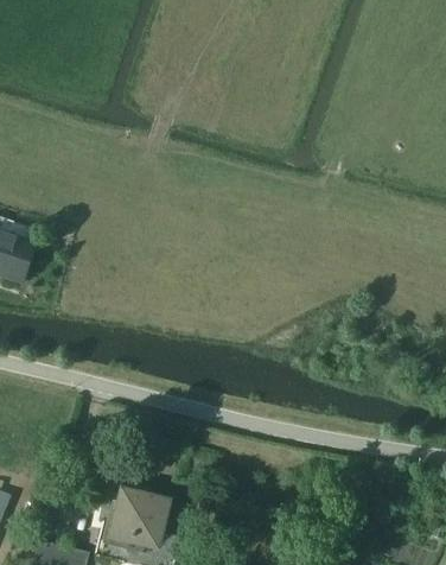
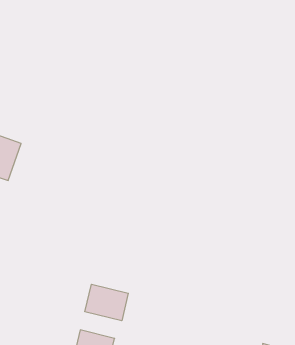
building: none -> [85,284,128,321]

